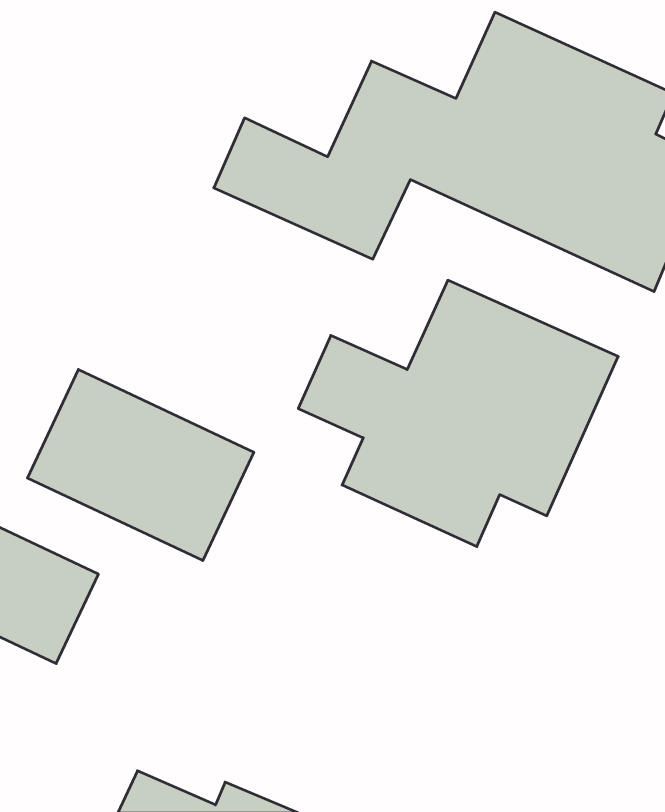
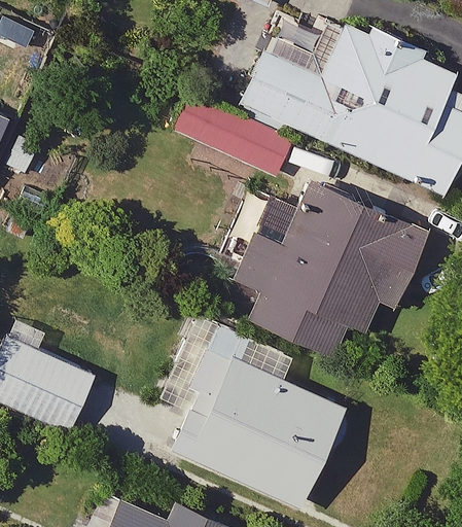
building: [27,369,254,561] -> none
building: none -> [174,351,349,508]

